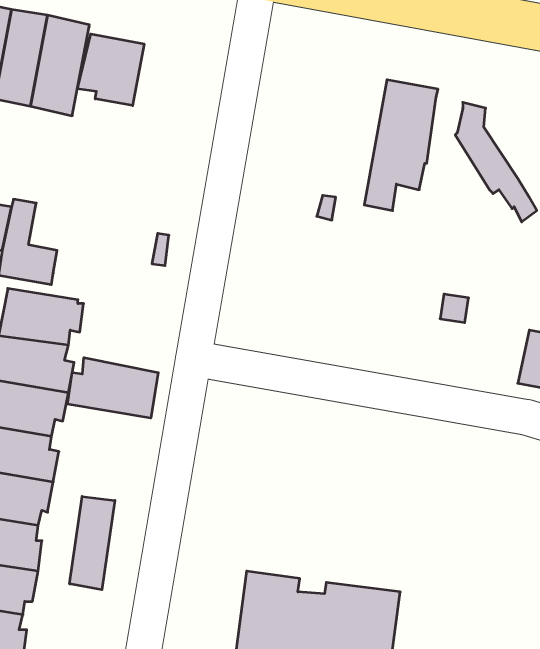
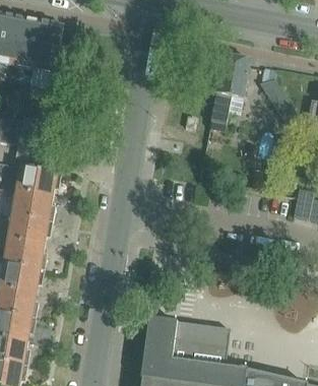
building: [77,34,144,106] -> none
building: [67,358,158,418] -> none
building: [70,496,115,590] -> none

